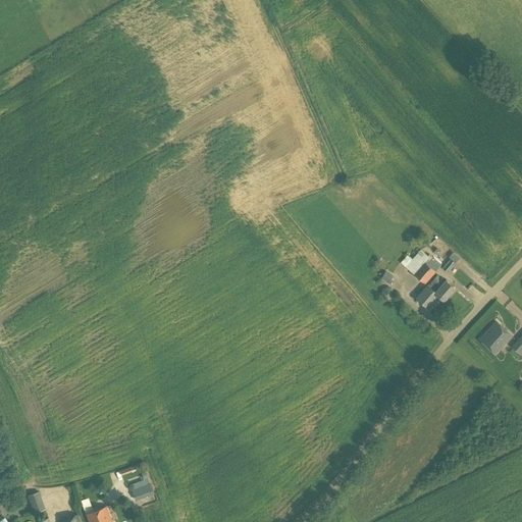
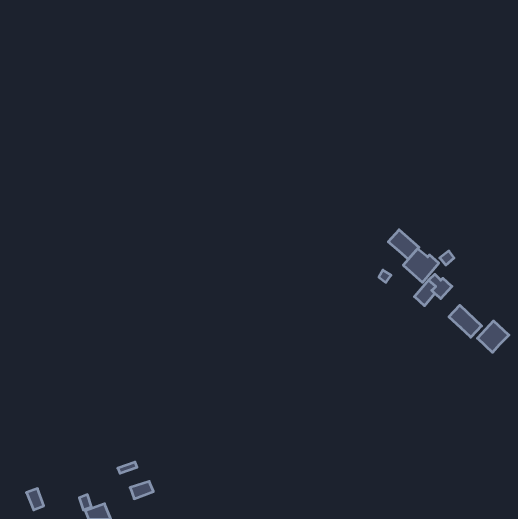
building: none -> [388,230,419,259]
building: none -> [449,305,482,337]

